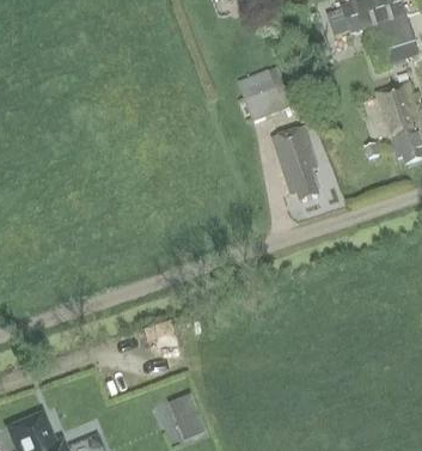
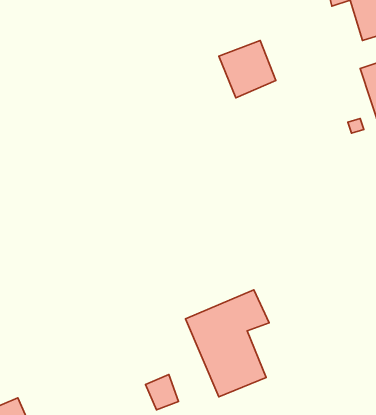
building: [273,126,322,200] -> none
building: none -> [186,290,269,397]

